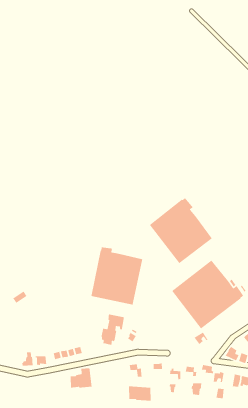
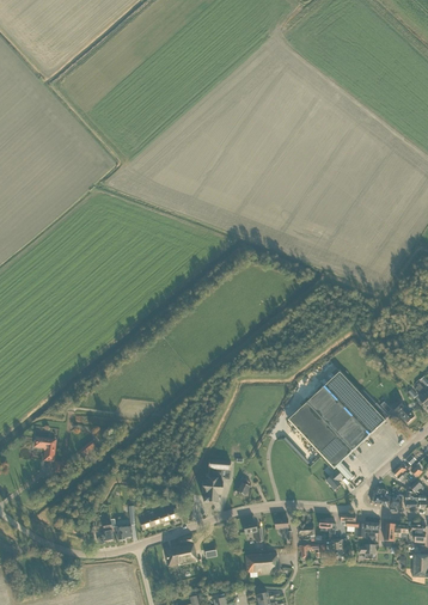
building: [149,197,213,264] -> none
building: [90,246,143,306] -> none

